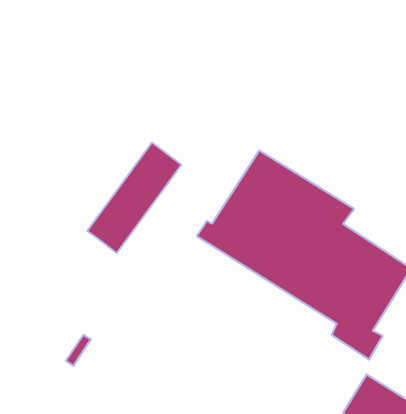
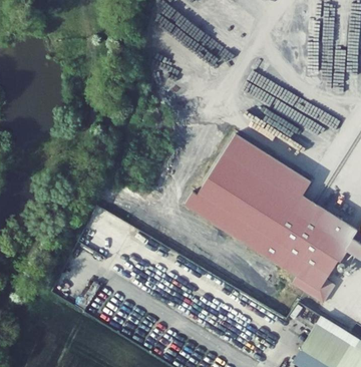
building: [87,143,181,253] -> none

